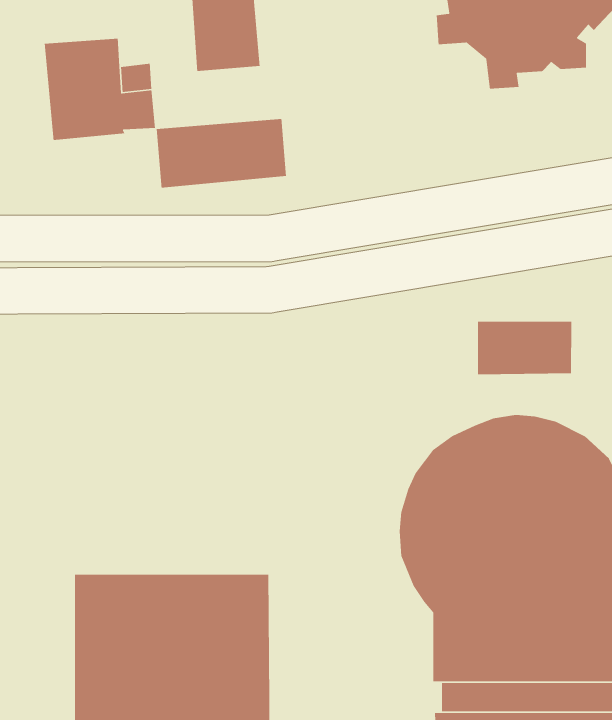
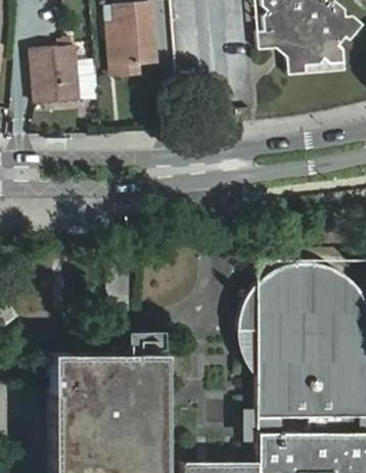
building: [156,118,287,189] -> none
building: [477,321,572,375] -> none

